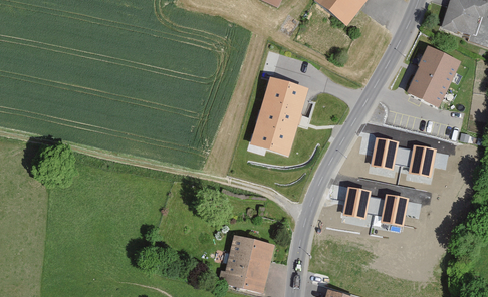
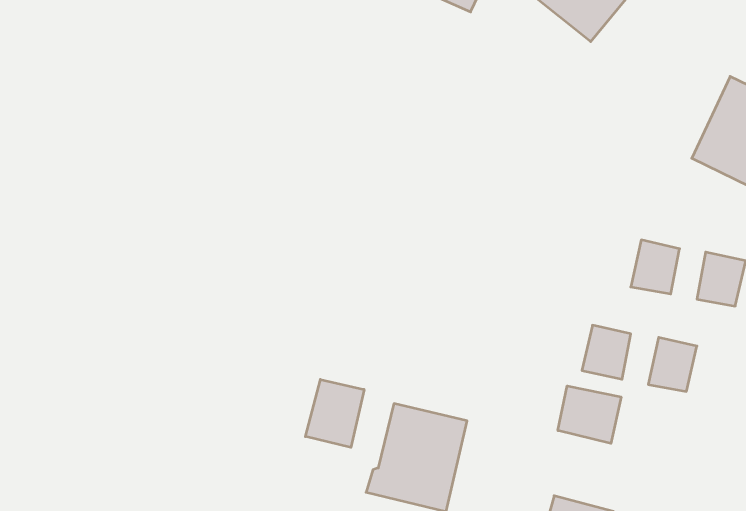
building: [249,75,308,155] -> none
building: none -> [305,379,364,447]
building: none -> [558,386,621,443]

